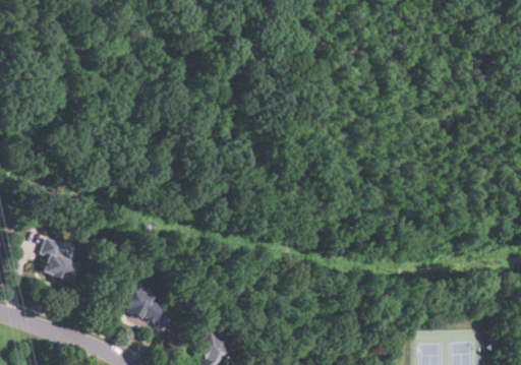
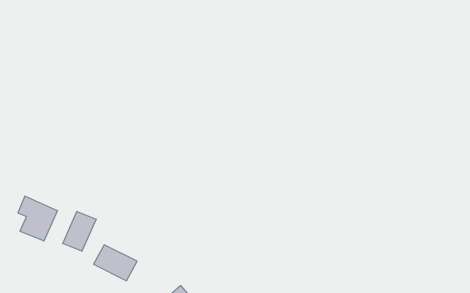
building: none -> [63,211,96,251]

